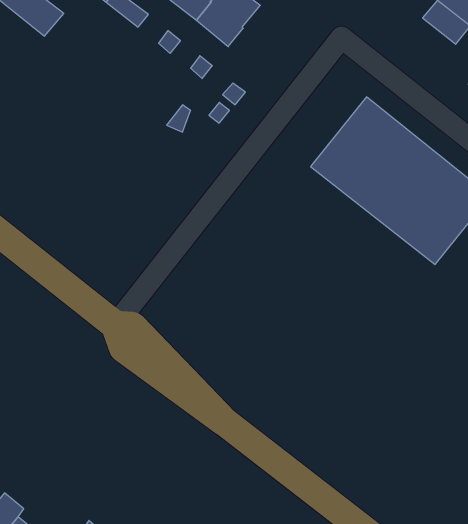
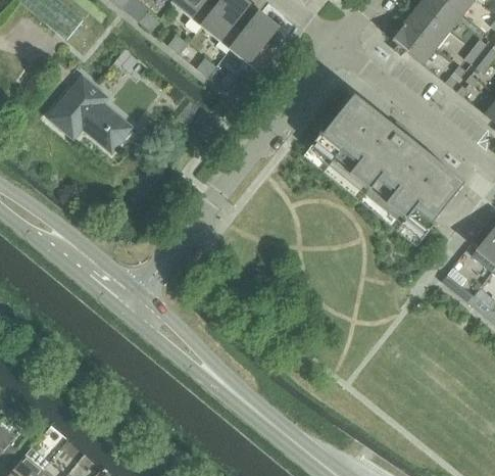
building: none -> [232,11,279,72]
building: none -> [392,22,435,62]
building: none -> [49,76,134,151]

